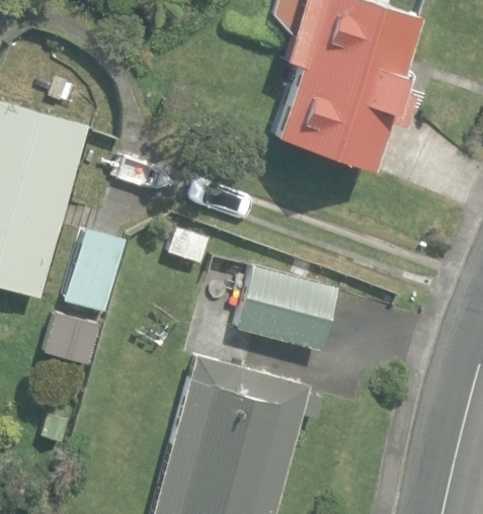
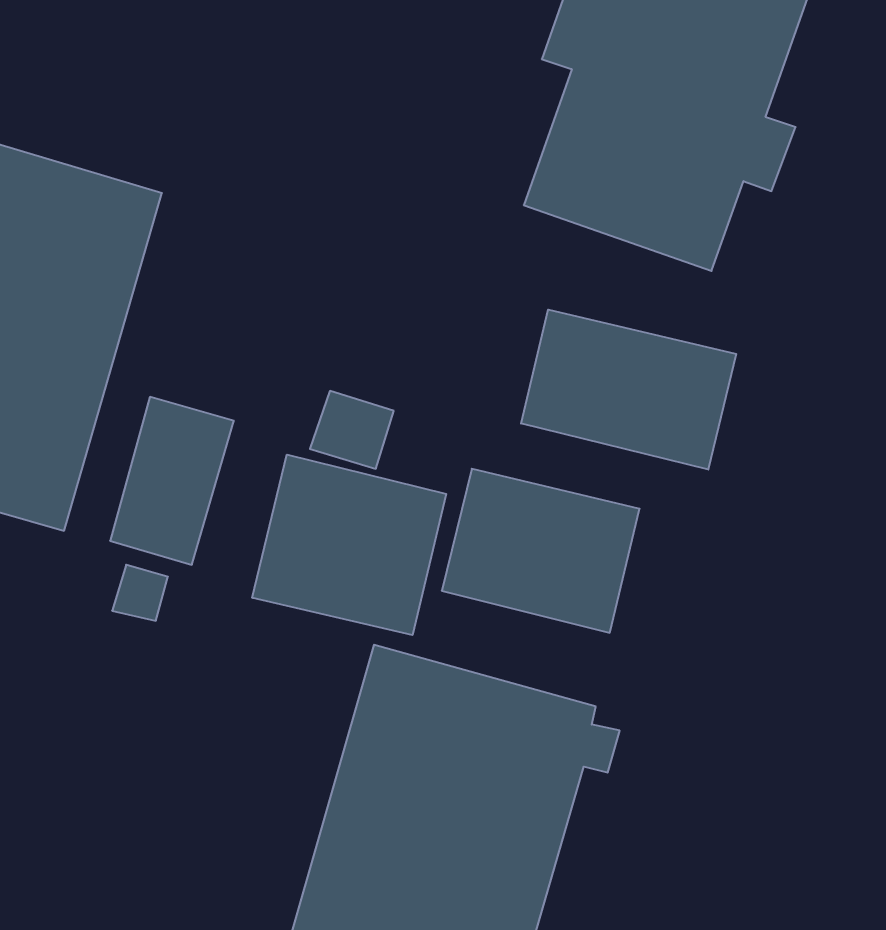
building: none -> [521,310,736,470]
building: none -> [252,455,446,635]

